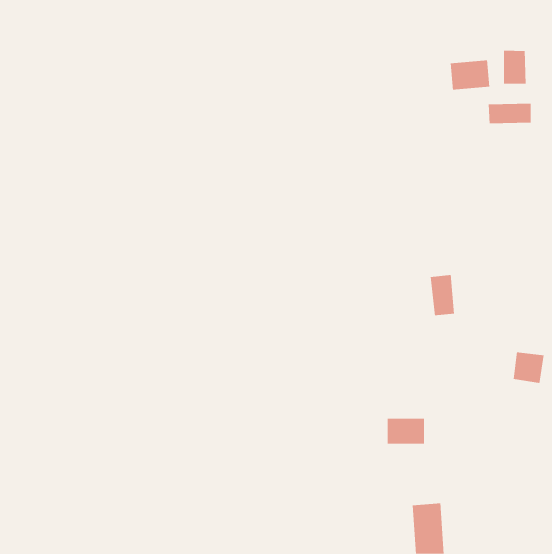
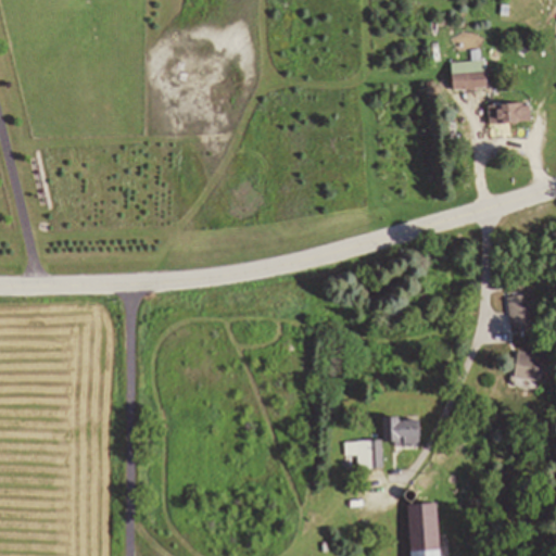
building: [503,50,526,85] -> none
building: [430,275,455,316] -> [505,293,530,334]
building: none -> [344,441,380,467]

